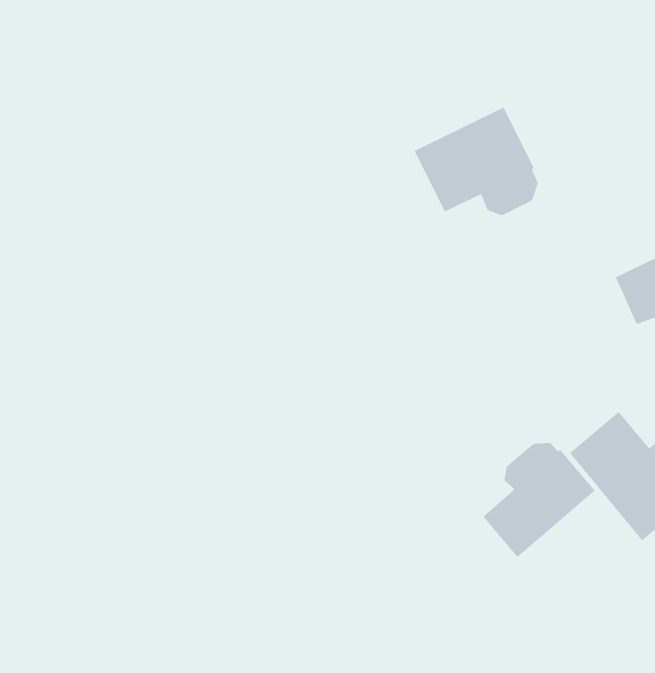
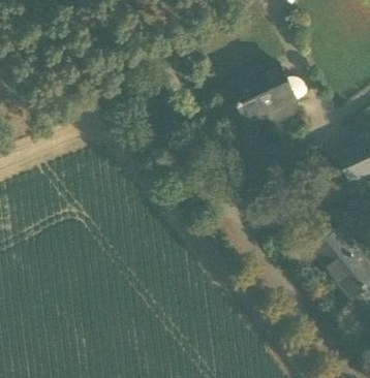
building: [482,442,596,558] -> none

